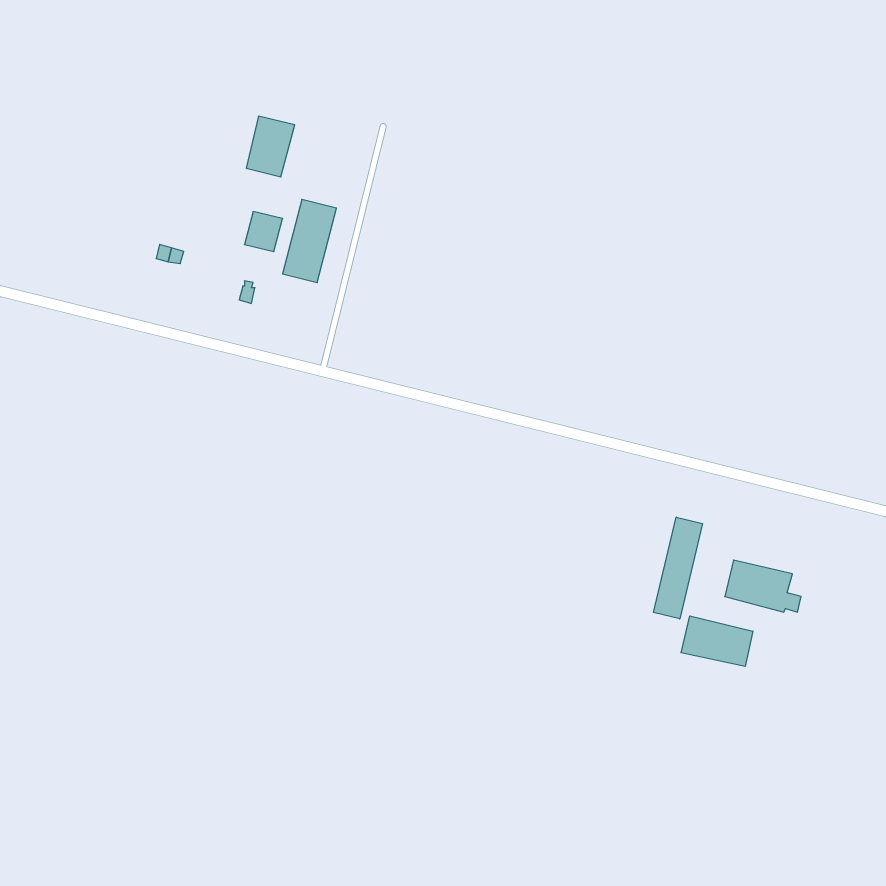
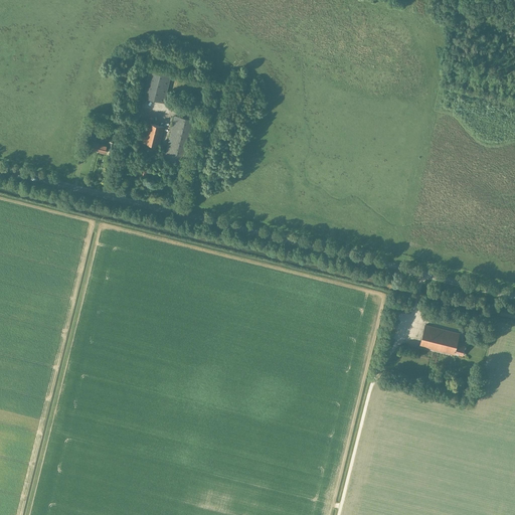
building: [654,517,702,619] -> none
building: [681,616,753,666] -> none

